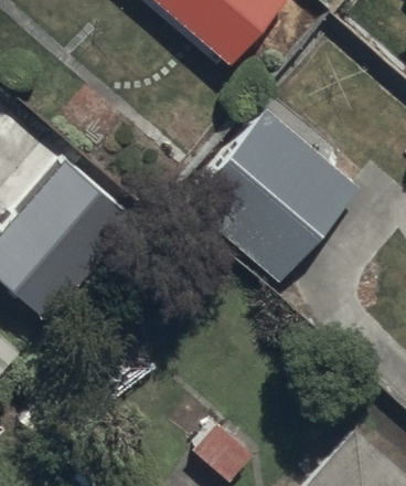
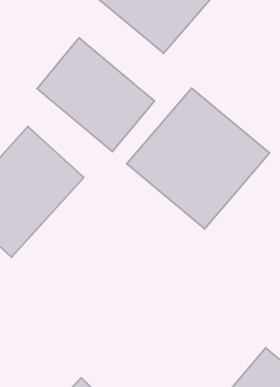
building: none -> [37,38,154,152]

